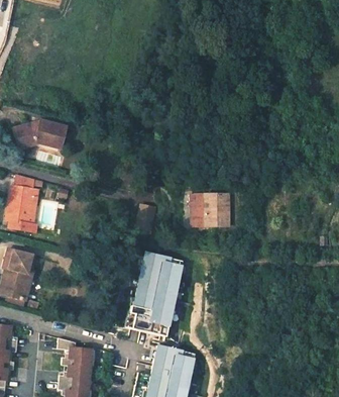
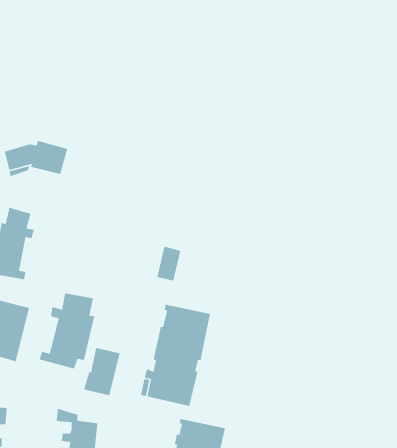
building: [191,194,230,226] -> none
building: none -> [39,293,95,370]
building: none -> [83,347,120,396]

